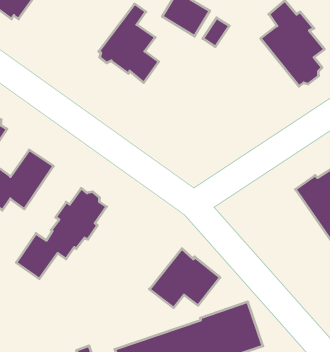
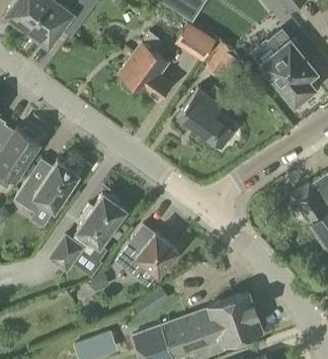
building: none -> [178,89,235,150]
building: [149,249,220,308] -> [116,226,178,277]

